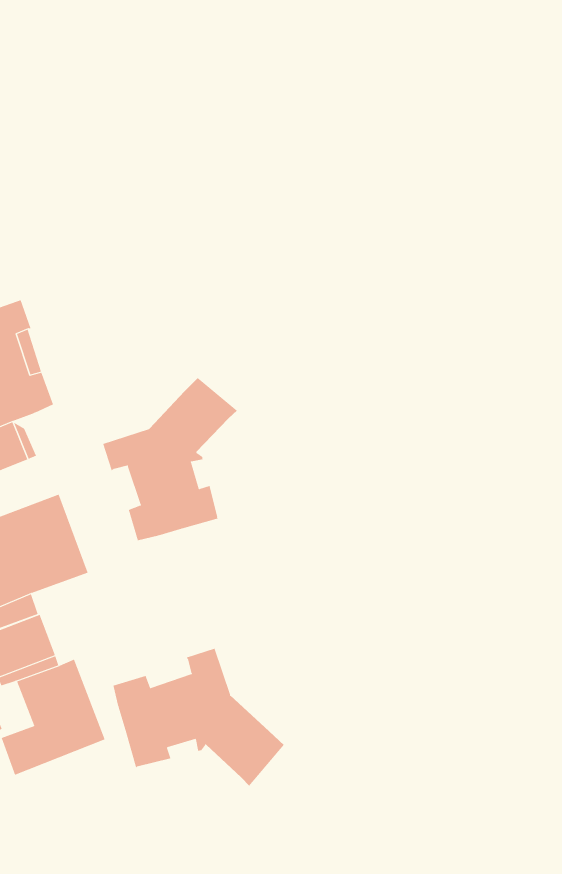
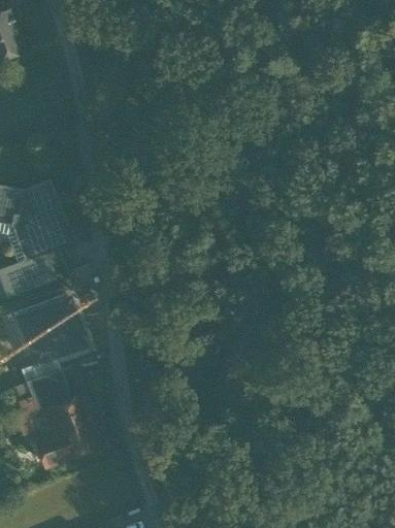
building: [103,377,238,541] -> none
building: [113,648,284,787] -> none

